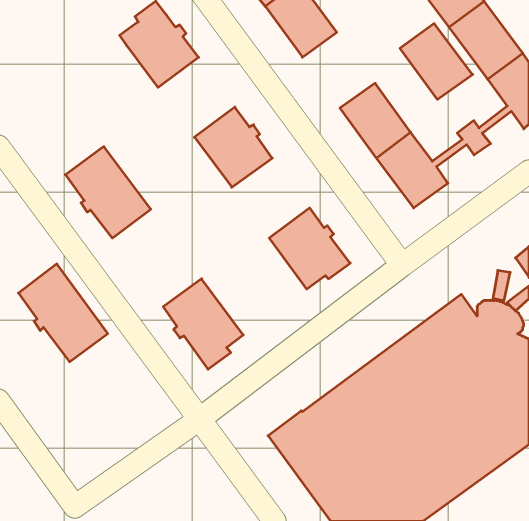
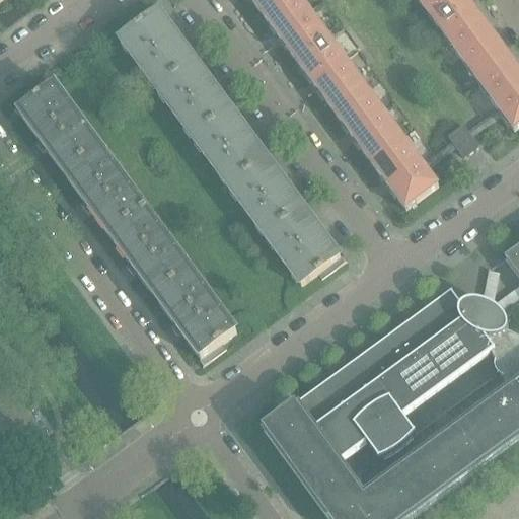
building: [400,24,473,99] -> [295,31,366,105]
building: none -> [154,56,229,134]
building: none -> [14,80,101,170]
building: none -> [226,154,302,232]
building: [18,264,108,362] -> [109,204,197,299]

